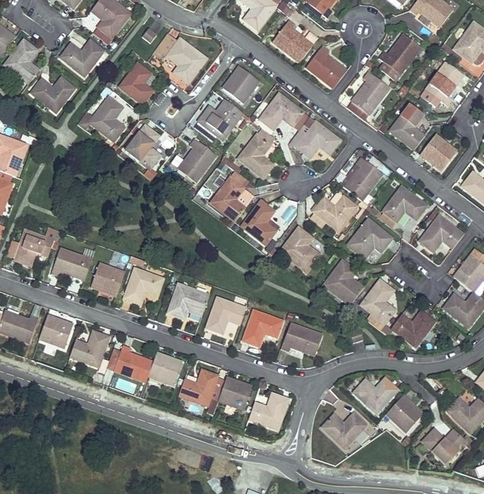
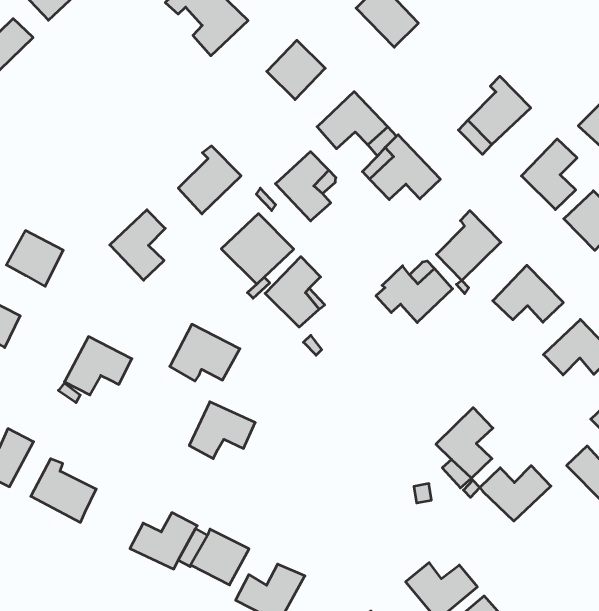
building: [379,34,421,74] -> none
building: [306,46,347,88] -> none
building: [119,63,153,104] -> none
building: [77,97,125,141] -> none
building: [197,99,243,140] -> none
building: [126,125,161,169] -> [110,210,165,280]
building: [348,218,392,257] -> none
building: [280,226,321,272] -> none
building: [323,260,364,305] -> none
building: [91,263,125,296] -> [6,231,63,286]
building: [168,284,210,319] -> [170,324,240,381]
building: [243,310,283,346] -> none
building: [281,323,322,355] -> none
building: [148,352,183,386] -> none

